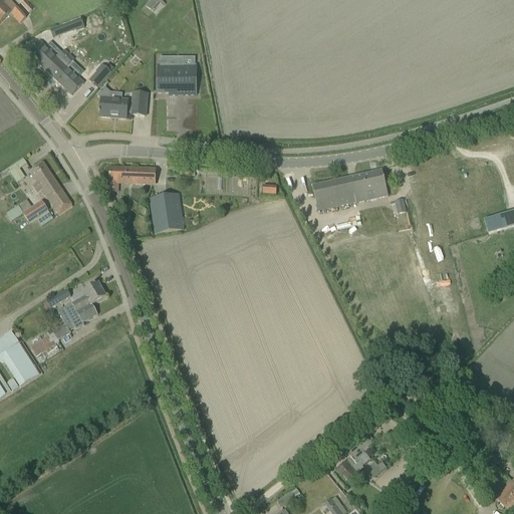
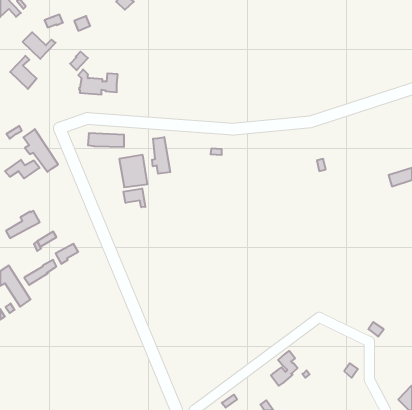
building: [50,53,83,94] -> [10,56,37,89]
building: [158,55,196,94] -> none
building: [312,169,388,209] -> none
building: none -> [152,137,170,174]
building: none -> [123,188,145,207]
building: [64,281,106,315] -> [6,211,40,238]

